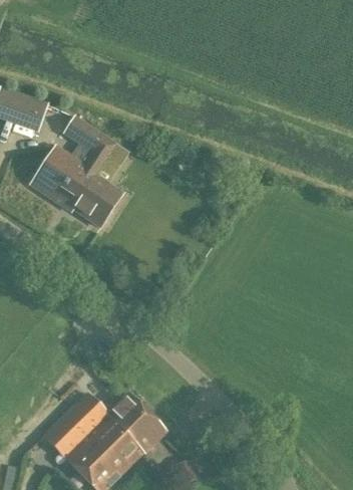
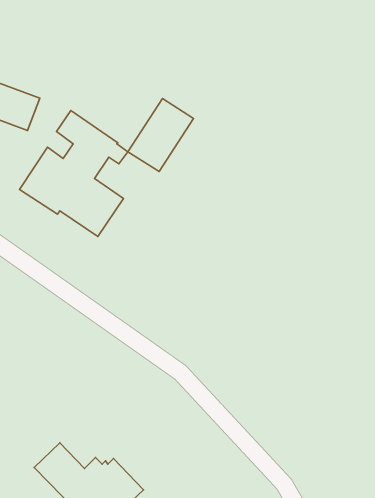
building: none -> [128,99,194,172]
building: [65,392,165,456] -> none

